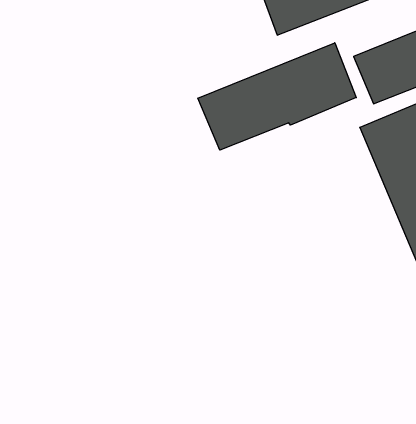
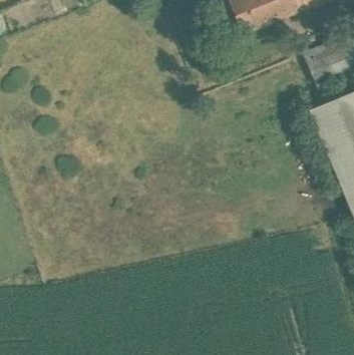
building: [198,43,356,150] -> none

